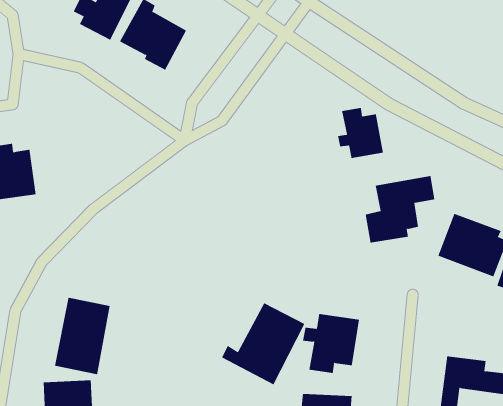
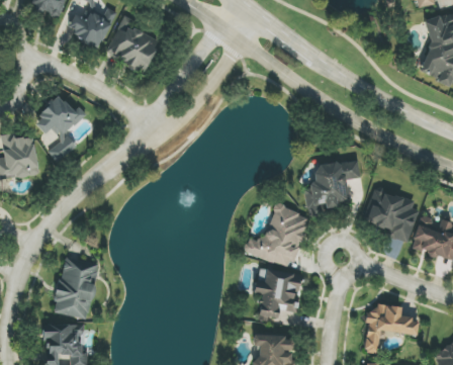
building: none -> [33,96,80,163]
building: [338,107,383,159] -> none
building: [221,303,305,385] -> [245,203,312,270]

